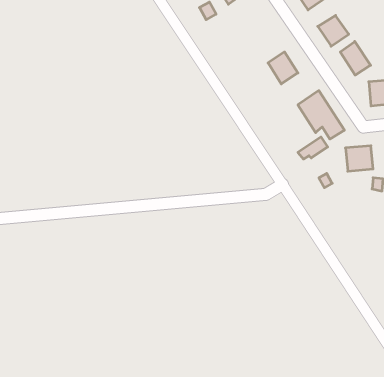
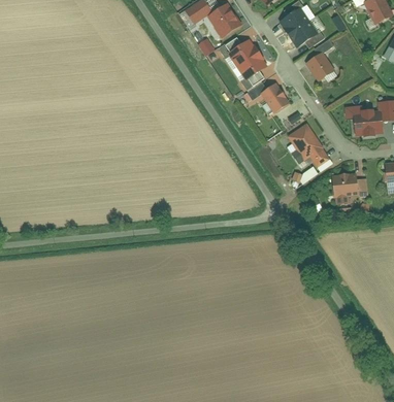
building: none -> [228,41,266,81]
building: [340,41,371,75] -> none

